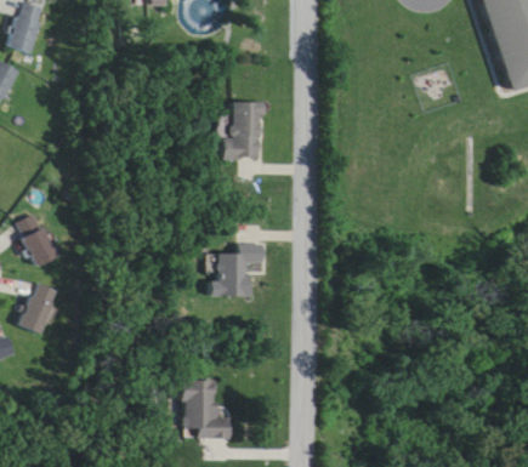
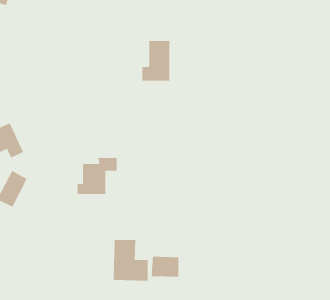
building: [208,243,265,295] -> [77,157,118,195]
building: none -> [151,256,179,277]

